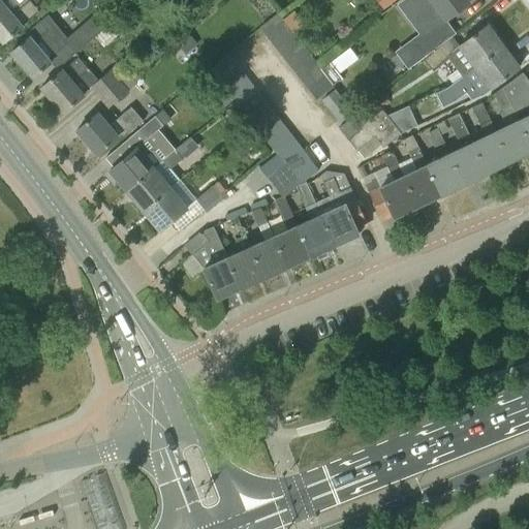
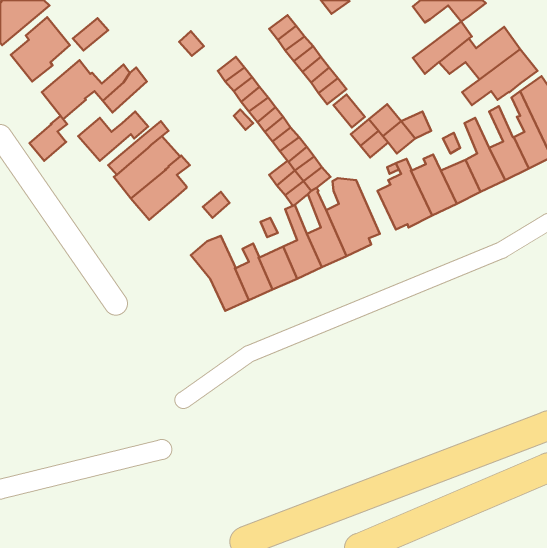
building: none -> [29,116,67,161]
building: [145,190,187,231] -> none

